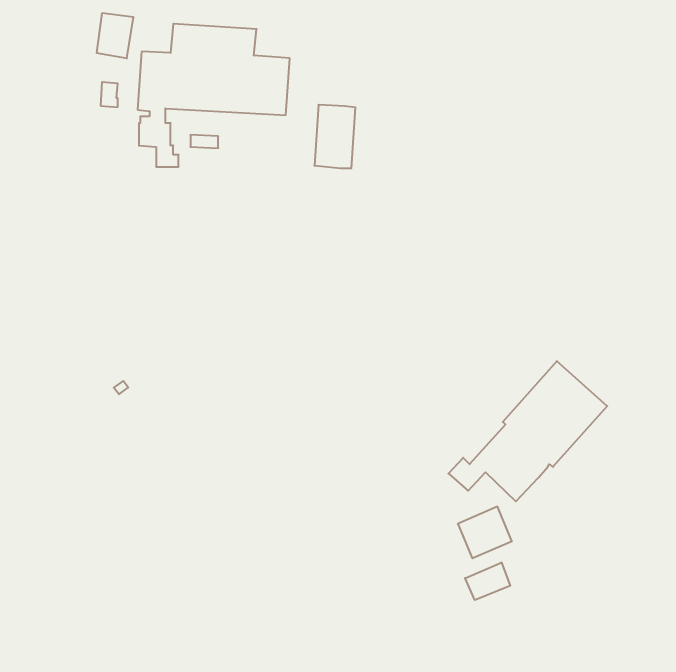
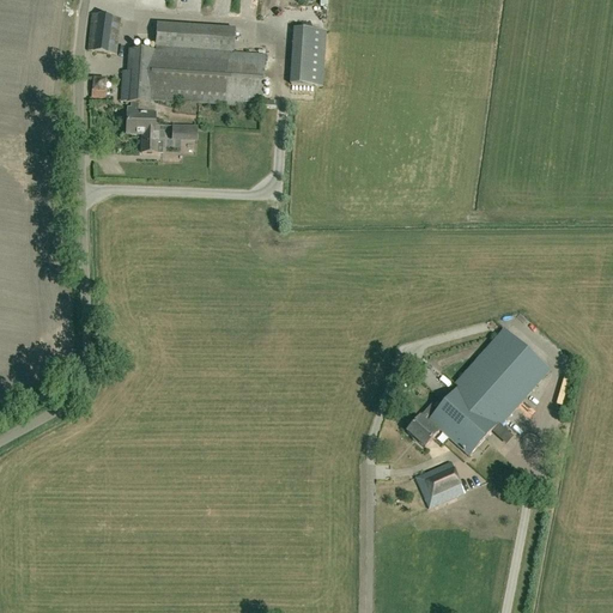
building: [314,105,355,168] -> [289,26,326,84]
building: [465,562,510,600] -> none

